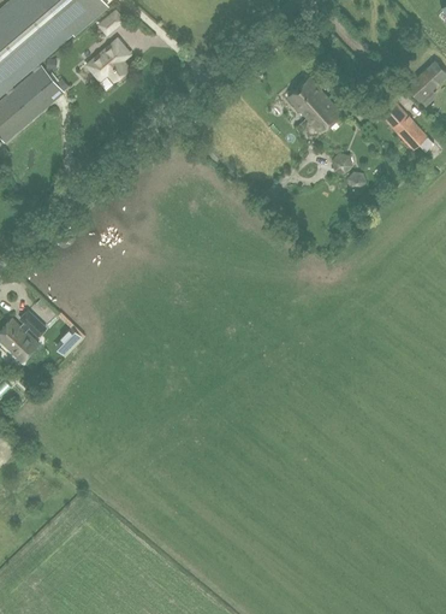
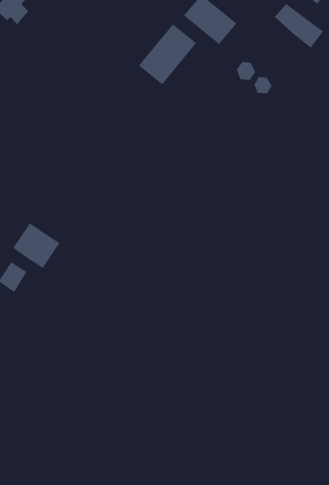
building: none -> [138,23,197,85]
building: none -> [13,222,60,269]

